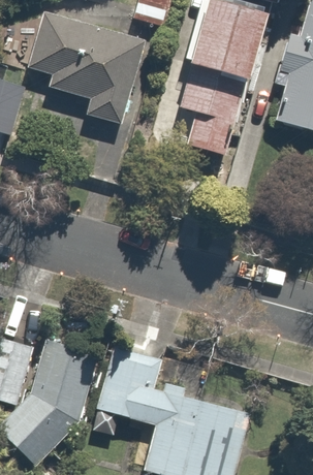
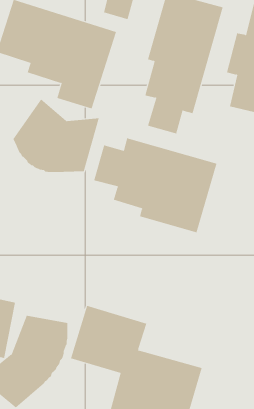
building: none -> [13,99,100,173]
building: none -> [94,138,217,233]

